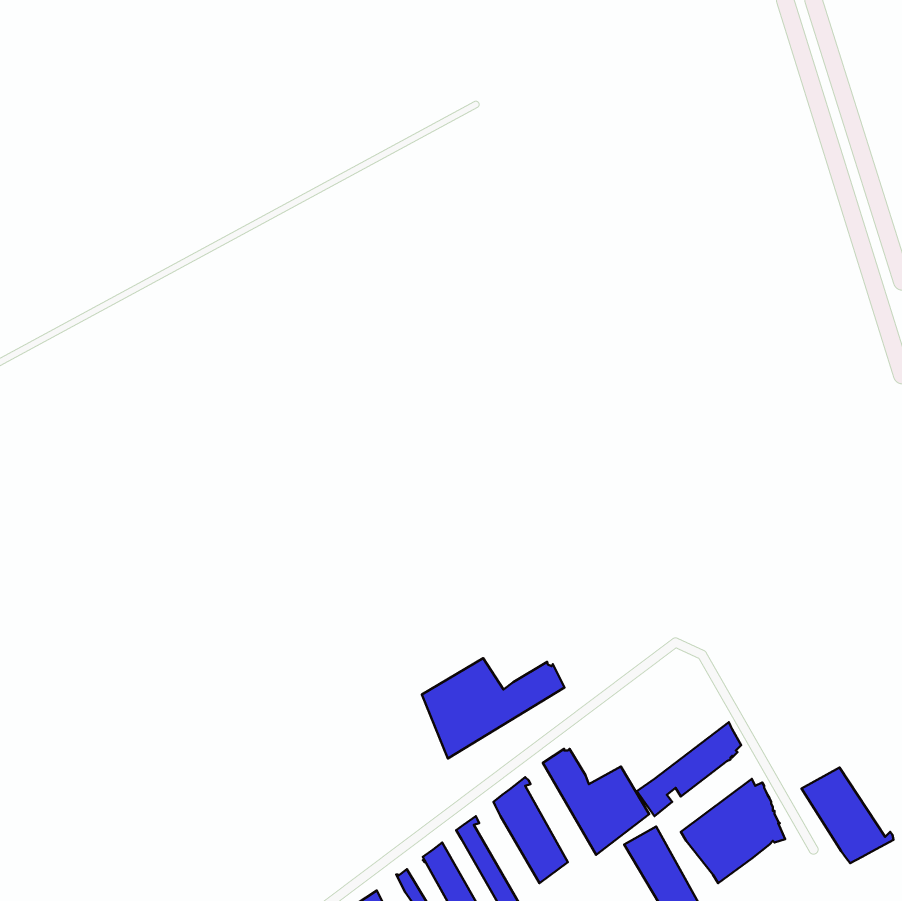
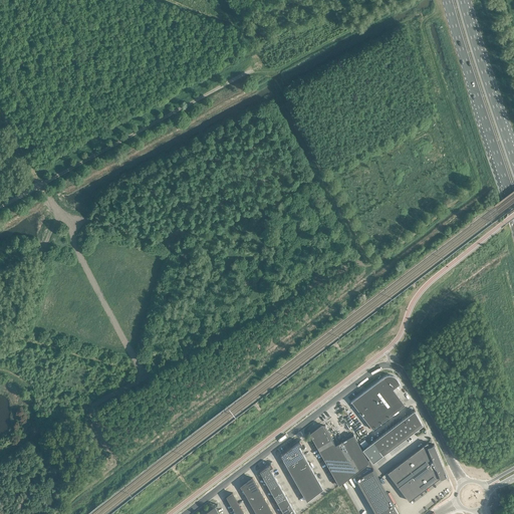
building: [422,658,565,758] -> none
building: none -> [349,376,404,431]
building: [802,768,894,863] -> none

